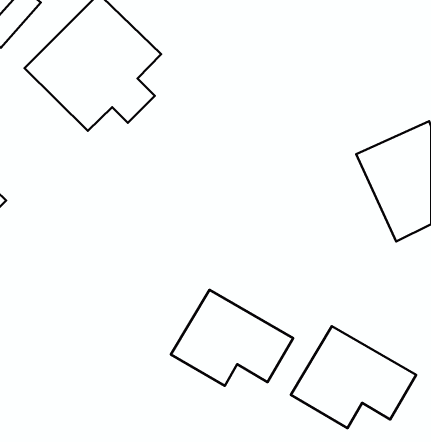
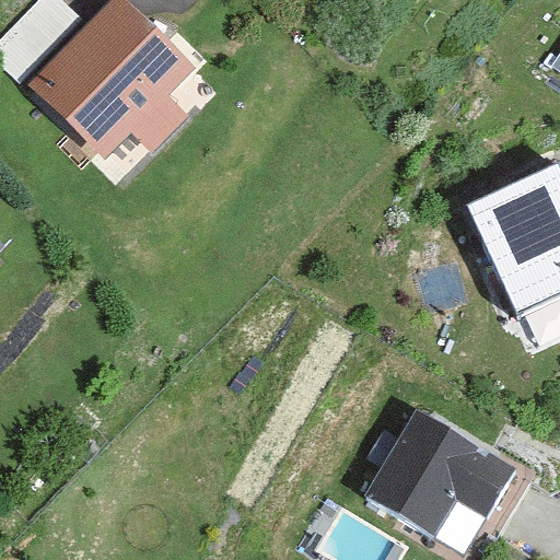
building: [171,290,293,386] -> none

